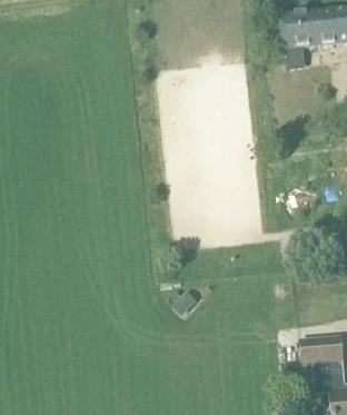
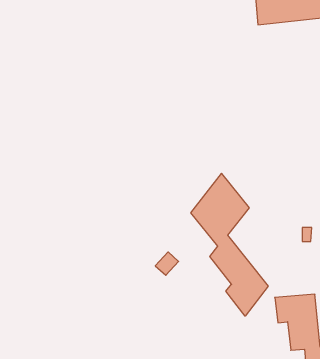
building: none -> [191,173,268,316]

